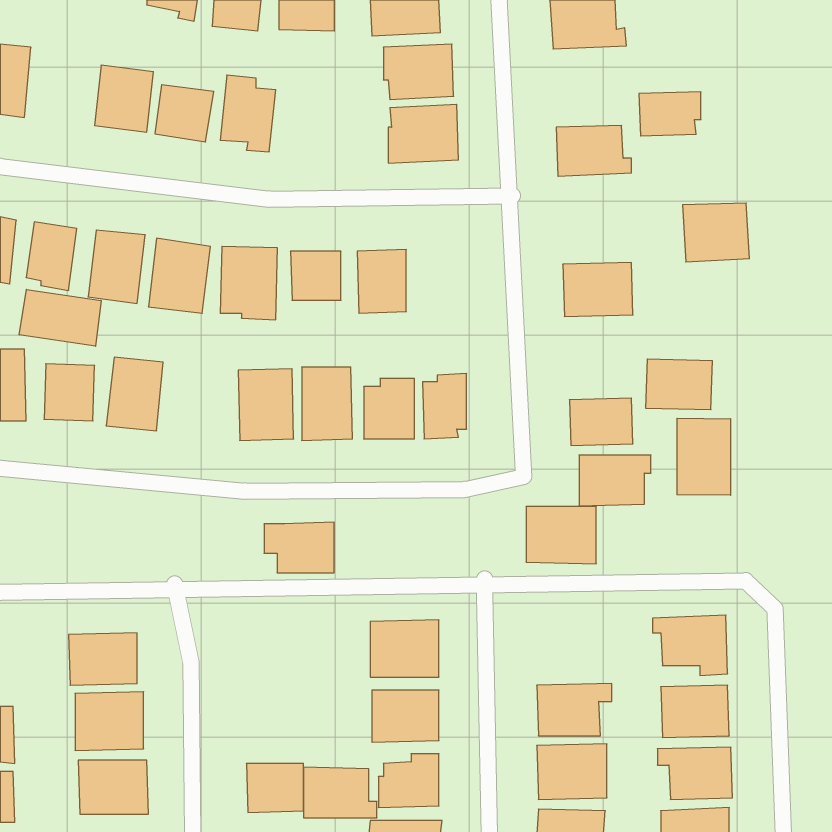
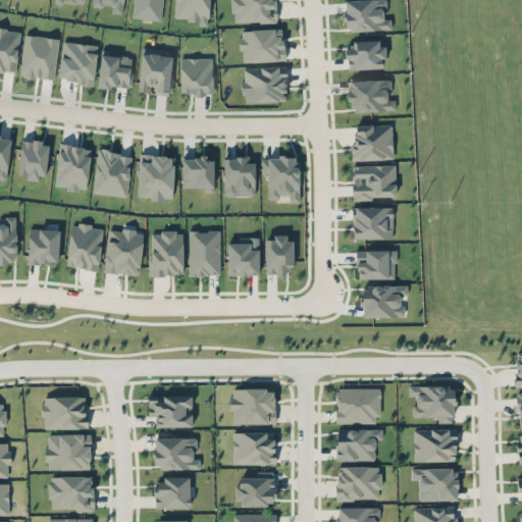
building: none -> [21,35,59,81]
building: none -> [180,58,213,95]
building: [639,92,701,136] -> [348,42,386,69]
building: [683,203,749,262] -> [353,124,395,161]
building: none -> [262,157,300,202]
building: [19,289,101,346] -> none
building: [646,359,712,410] -> [353,207,395,239]
building: none -> [104,228,145,275]
building: [677,418,731,495] -> none
building: [526,507,596,564] -> [336,388,380,424]
building: [264,522,334,573] -> [149,396,193,427]
building: [304,767,377,818] -> [155,437,201,469]

